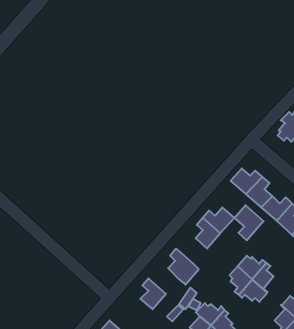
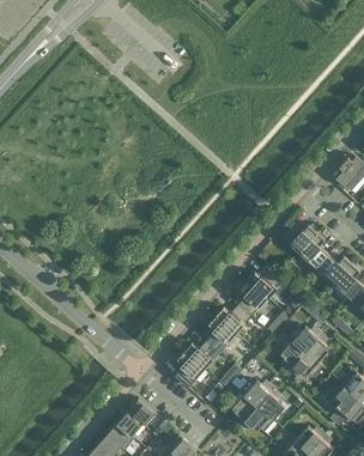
building: [235,205,264,240] -> none
building: none -> [216,305,251,335]
building: none -> [183,340,219,370]

